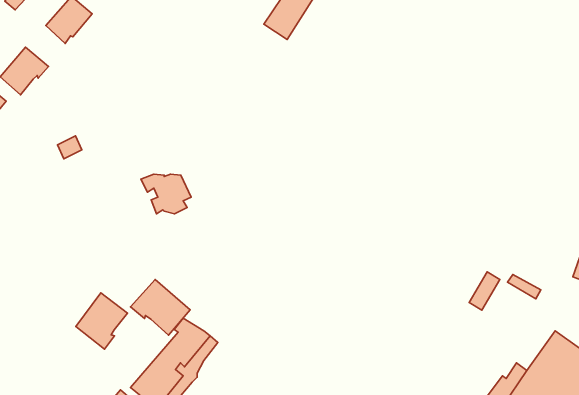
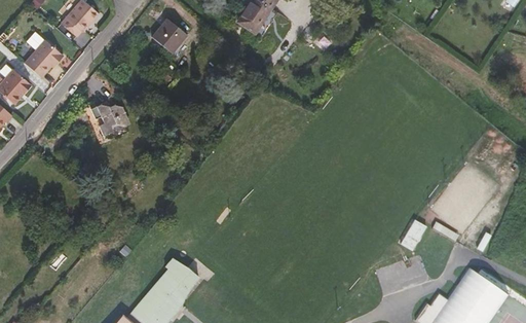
building: none -> [151,19,187,53]
building: [141,174,191,214] -> [90,105,130,137]
building: [131,280,190,335] -> none
building: [76,293,128,349] -> none

